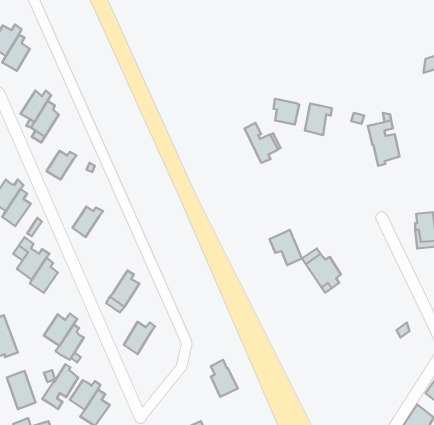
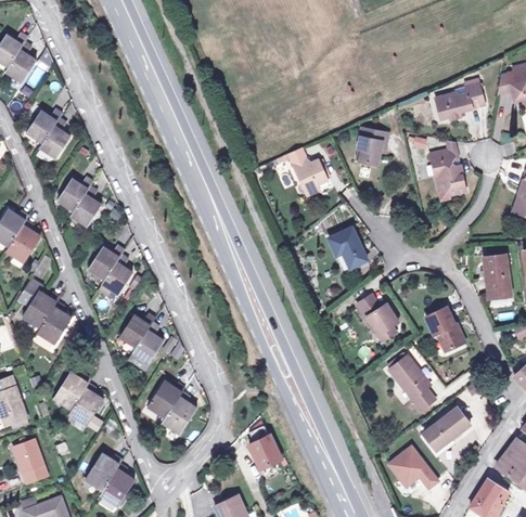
building: none -> [438,79,487,117]
building: [273,99,299,125] -> none
building: none -> [69,191,100,229]
building: none -> [99,257,132,298]
building: [269,230,302,265] -> [330,230,368,271]
building: none -> [118,310,155,348]
building: none -> [426,310,465,353]
building: none -> [387,358,434,414]
building: none -> [159,391,194,436]
building: none -> [422,409,470,453]
building: [42,364,78,409] -> none
building: none -> [387,449,437,491]

